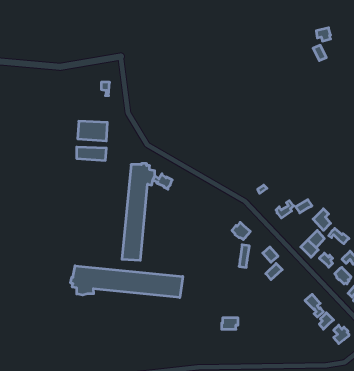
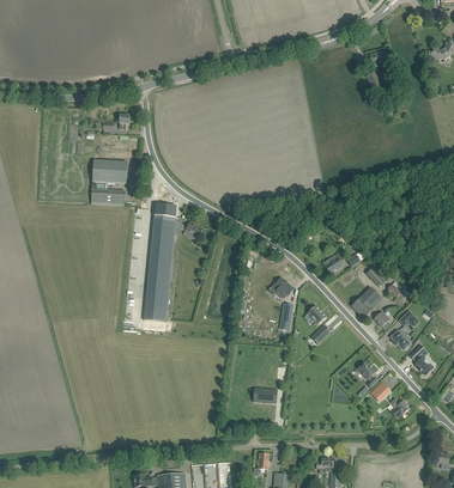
building: [71,266,183,298] -> none

